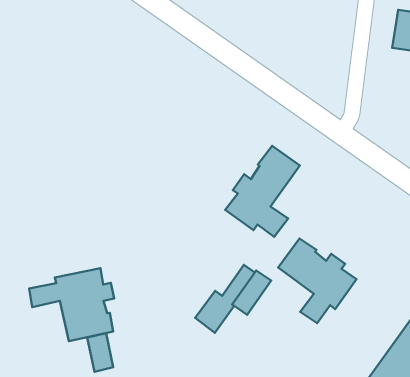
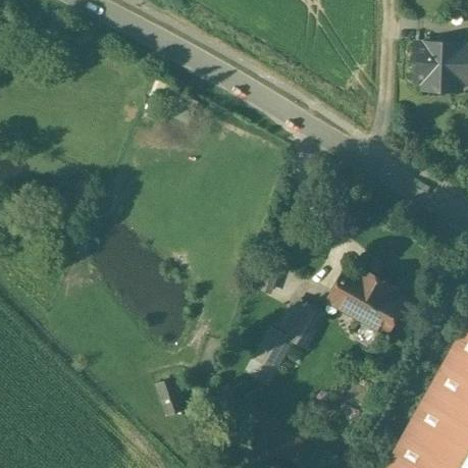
building: [225,146,300,237] -> none
building: [29,268,114,341] -> none

